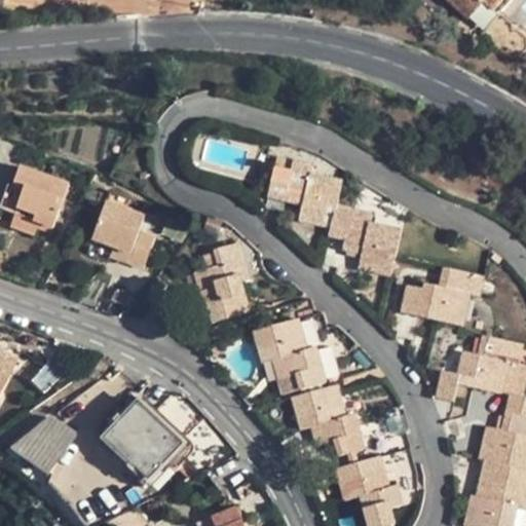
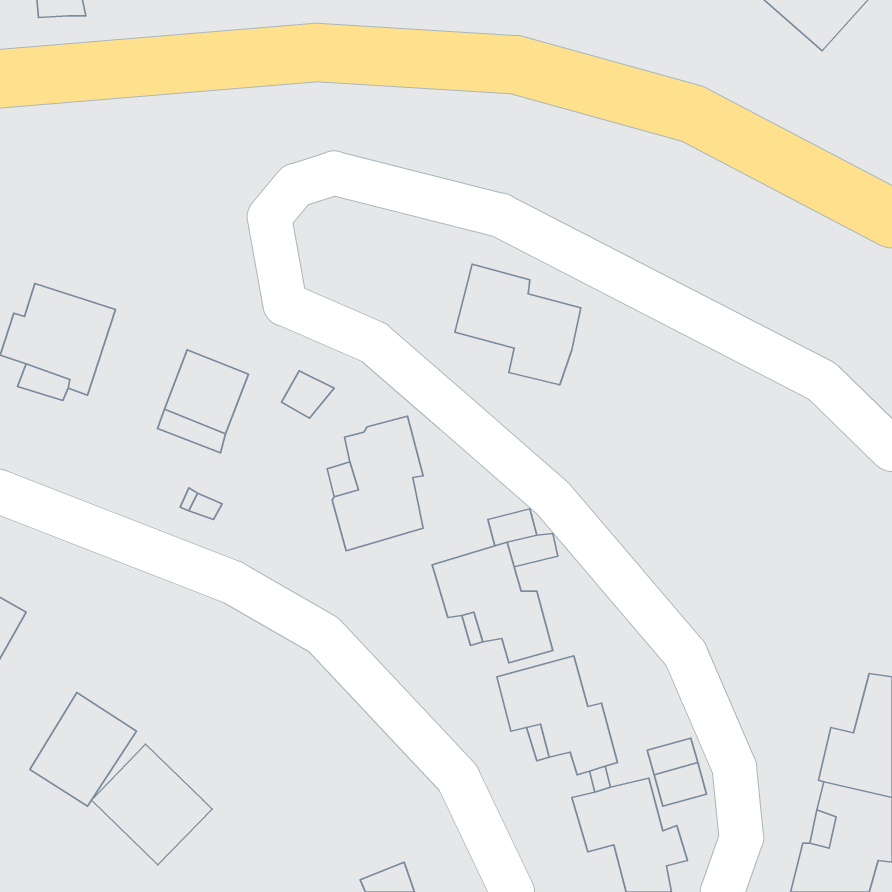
building: [328,205,400,275] -> none
building: [400,269,482,327] -> none
building: [436,336,520,401] -> none
building: [108,403,179,474] -> [91,744,212,865]

